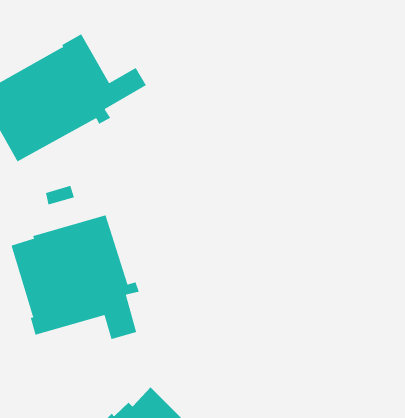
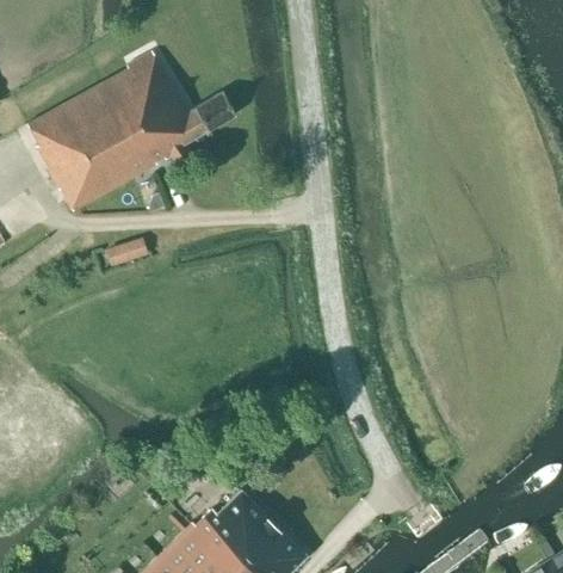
building: [11,215,139,340] -> none

